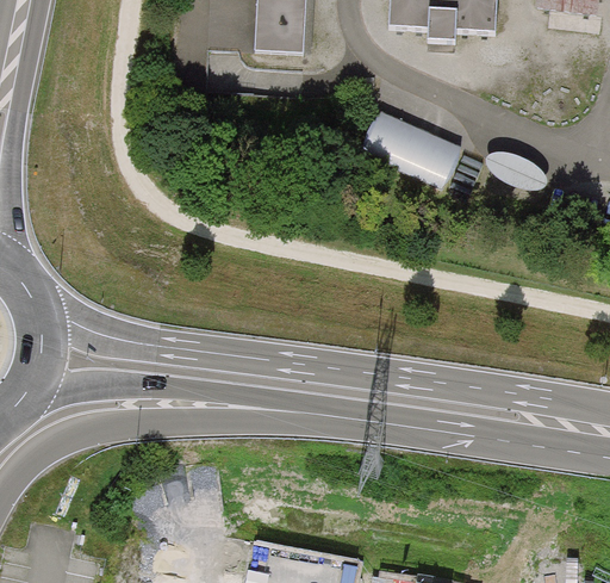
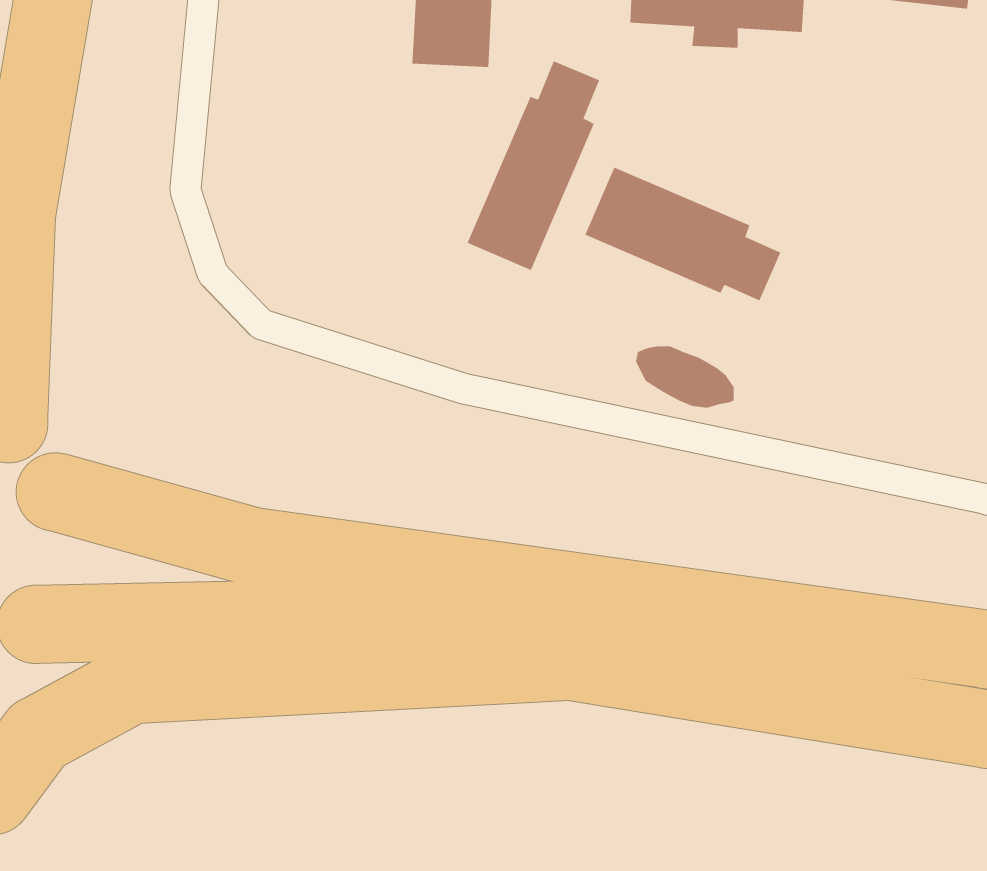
building: none -> [467,61,600,271]
building: [485,151,546,190] -> [635,346,734,408]

